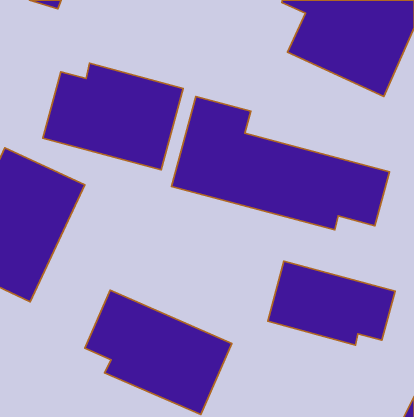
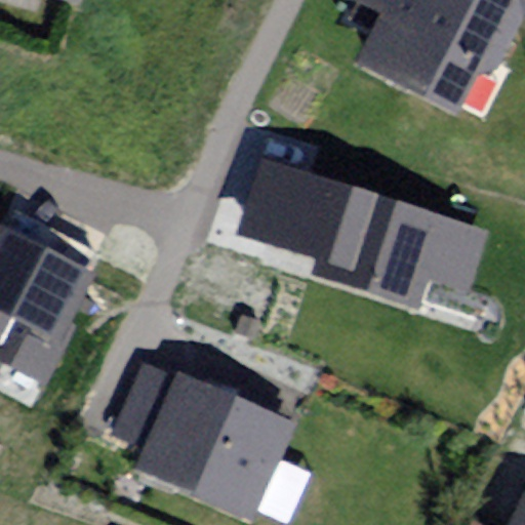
building: [43,63,183,170] -> none
building: [268,261,395,345] -> none

